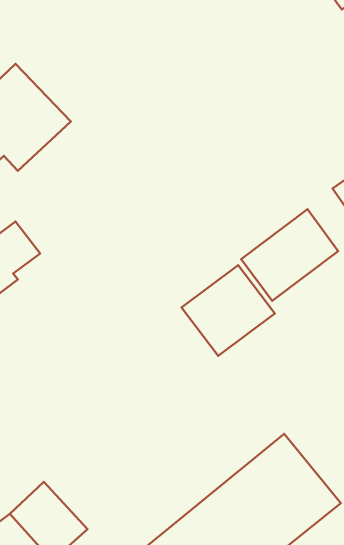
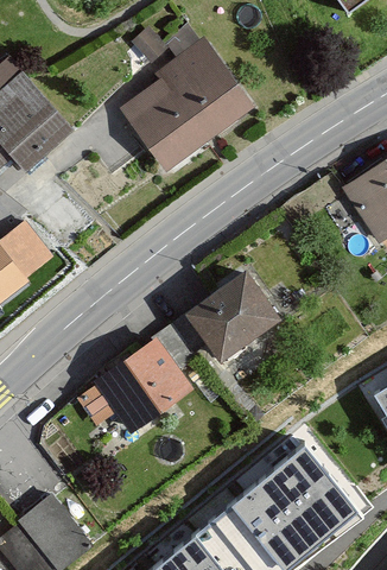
building: none -> [127,25,249,164]
building: [241,209,338,301] -> none
building: none -> [74,321,195,431]

